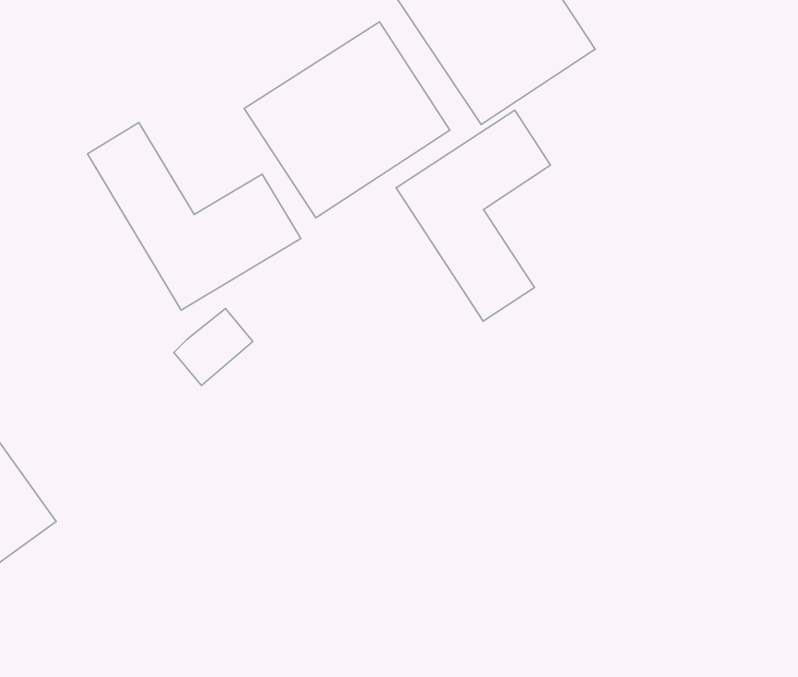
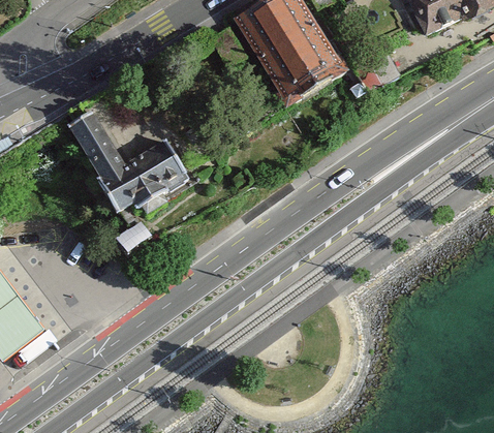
building: [244,22,450,218] -> none
building: [396,110,551,321] -> none

